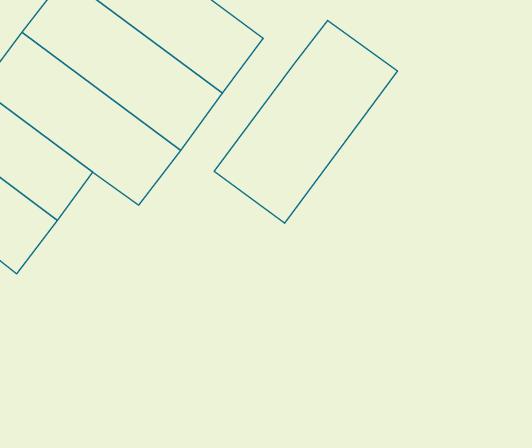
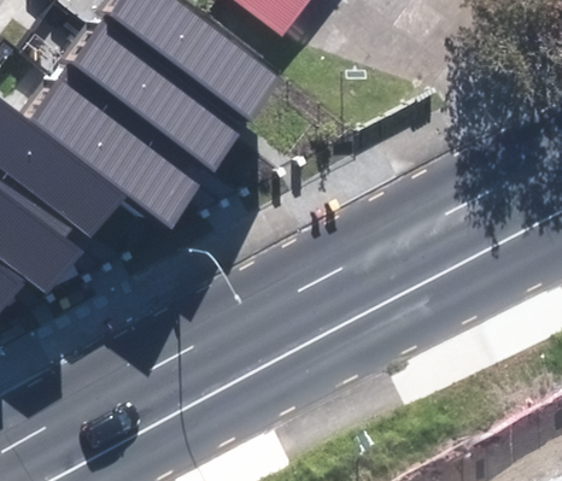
building: [214,20,397,223] -> none

